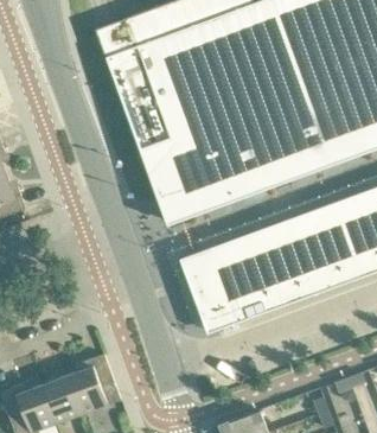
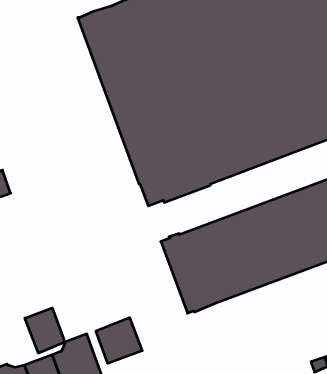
building: none -> [25,308,65,353]
building: none -> [96,318,142,363]

